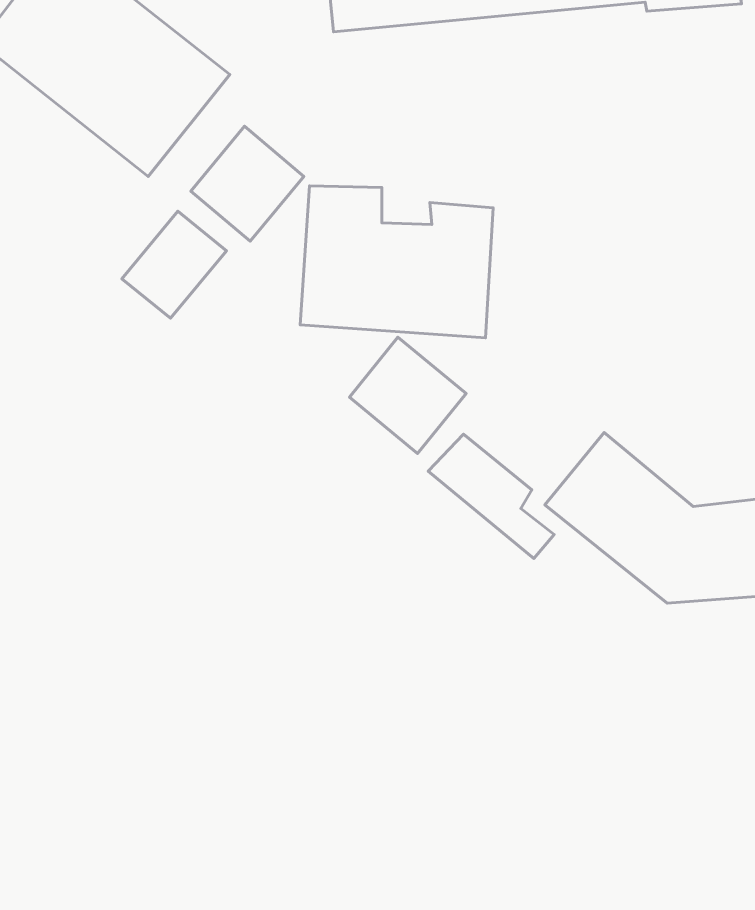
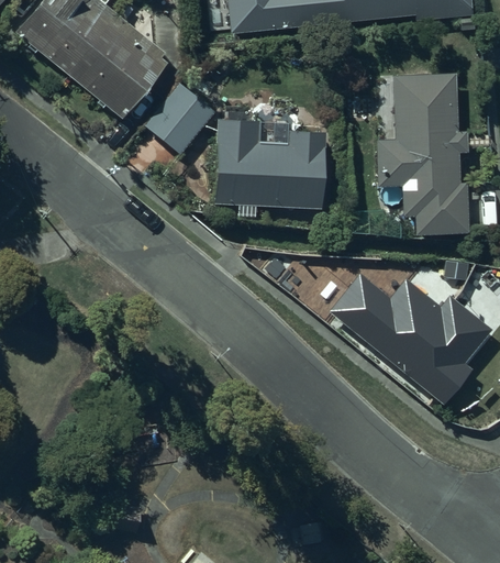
building: none -> [377,75,473,241]
building: [122,211,226,318] -> none
building: [349,337,466,453] -> none

